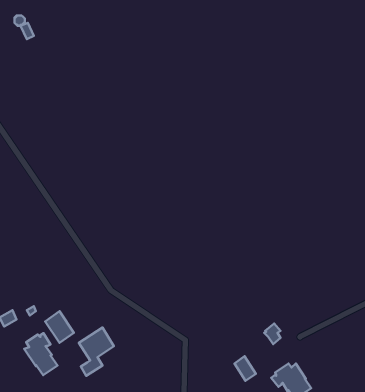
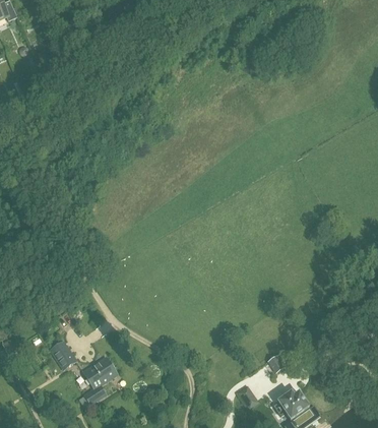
building: [24,333,58,375] -> none

